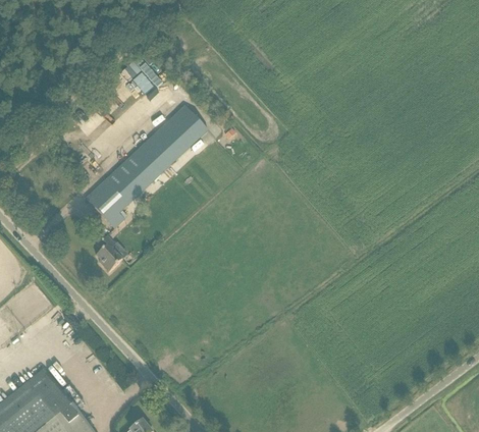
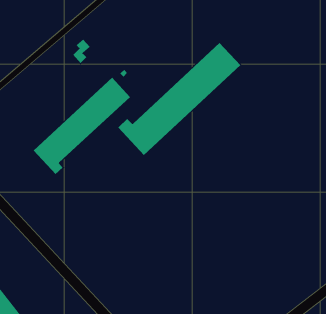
building: none -> [118,42,241,156]
building: [96,235,123,272] -> none

